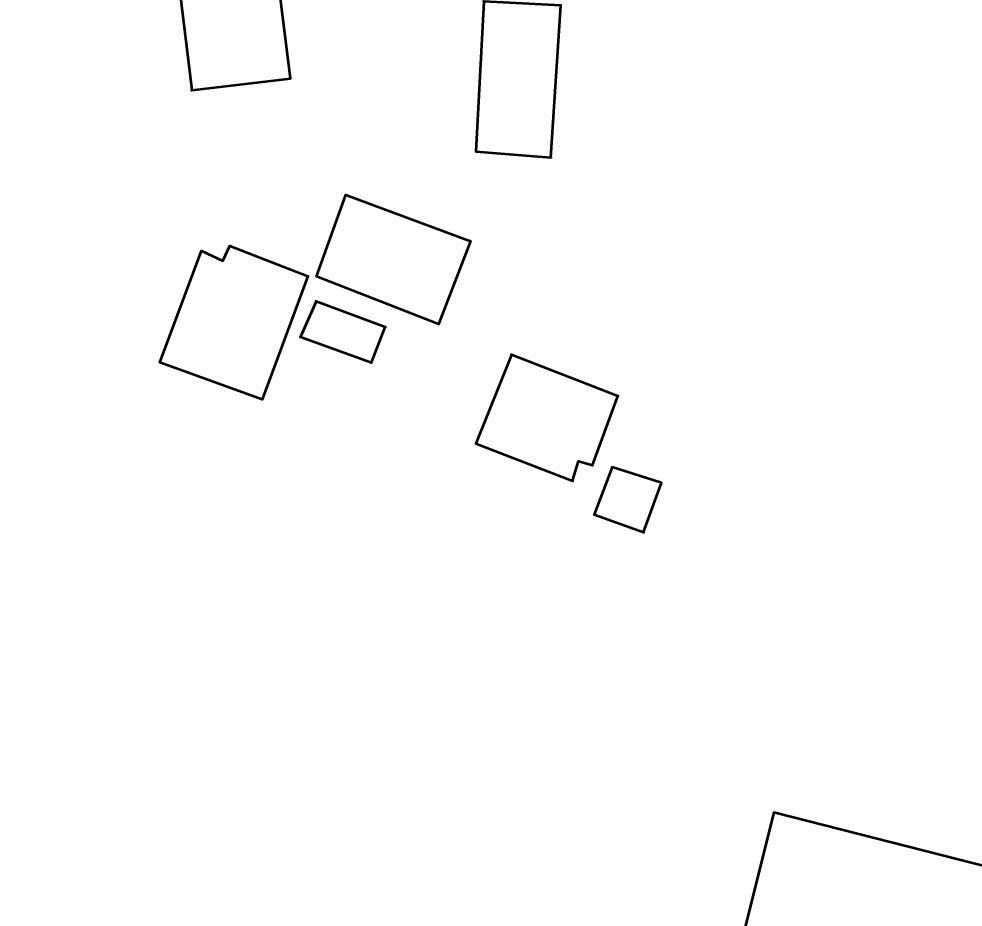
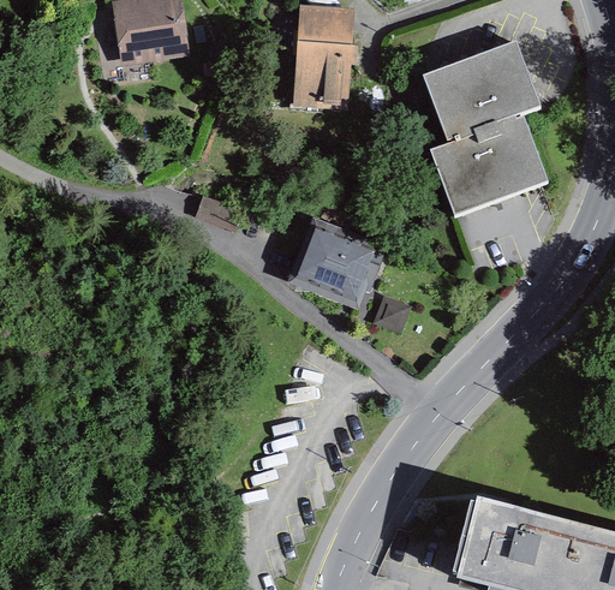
building: none -> [428,48,543,214]
building: [317,195,470,324] -> none
building: [160,246,308,399] -> none

